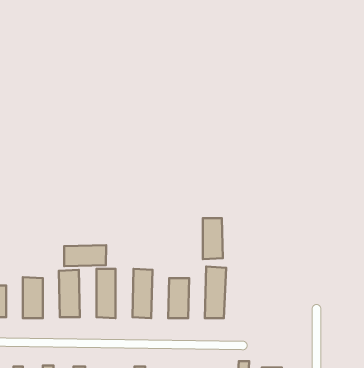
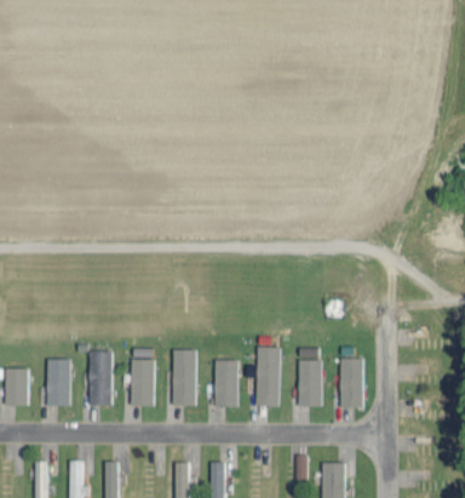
building: [203,218,223,259] -> [299,360,322,407]
building: [64,245,106,266] -> none
building: none -> [340,359,364,408]

